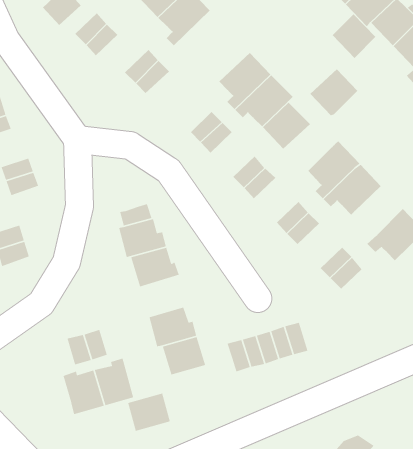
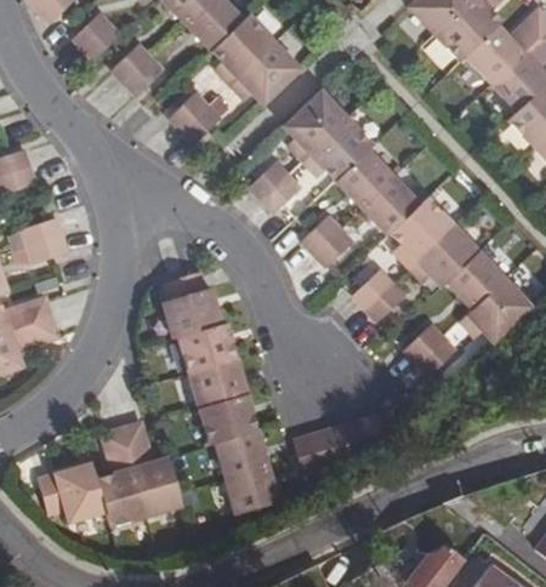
building: none -> [229,41,300,104]
building: [332,13,376,59] -> none
building: [310,69,358,116] -> [360,177,419,234]
building: none -> [447,251,504,309]
building: none -> [188,358,241,408]
building: none -> [38,462,106,522]
building: [127,392,171,432] -> [226,466,278,513]

